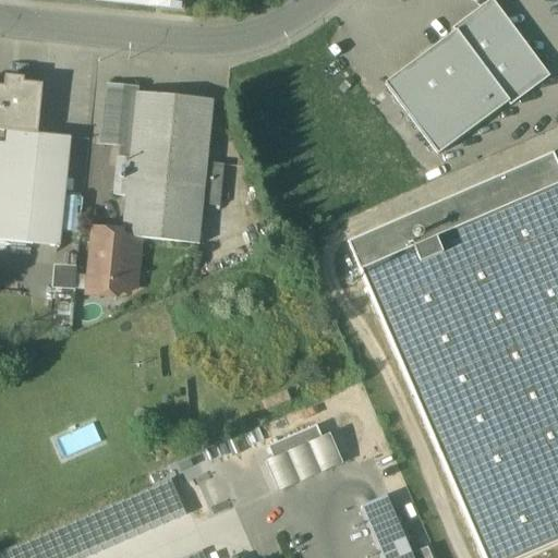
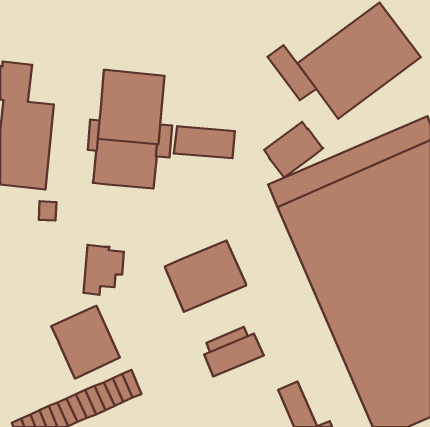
building: none -> [268,45,316,100]
building: [102,82,138,145] -> none
building: none -> [264,122,323,178]
building: none -> [174,126,235,158]
building: [88,230,141,294] -> [83,245,124,295]
building: none -> [165,240,246,312]
building: none -> [51,306,120,378]

